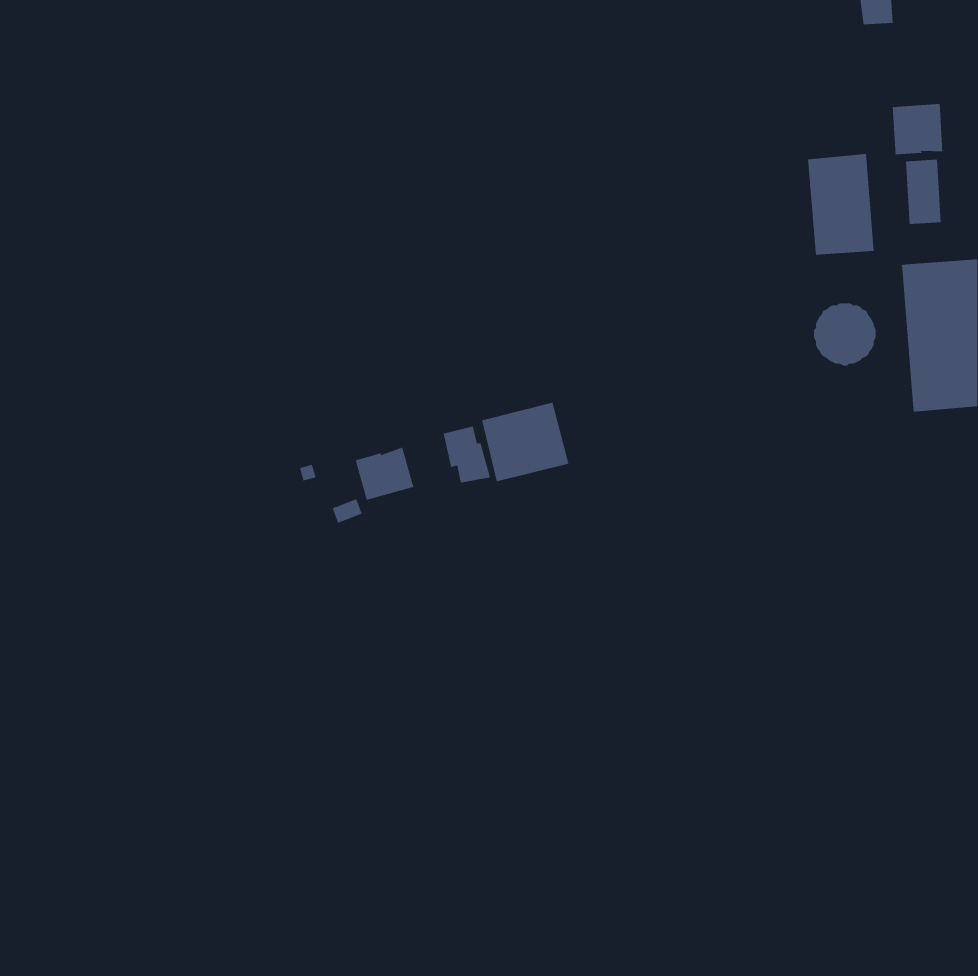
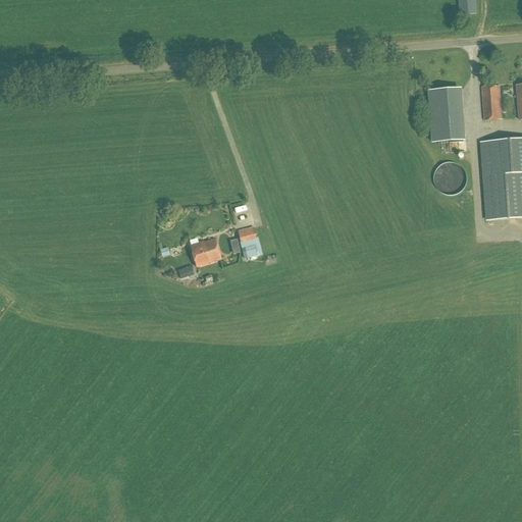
building: [892,103,943,155] -> none
building: [482,402,569,482] -> none

